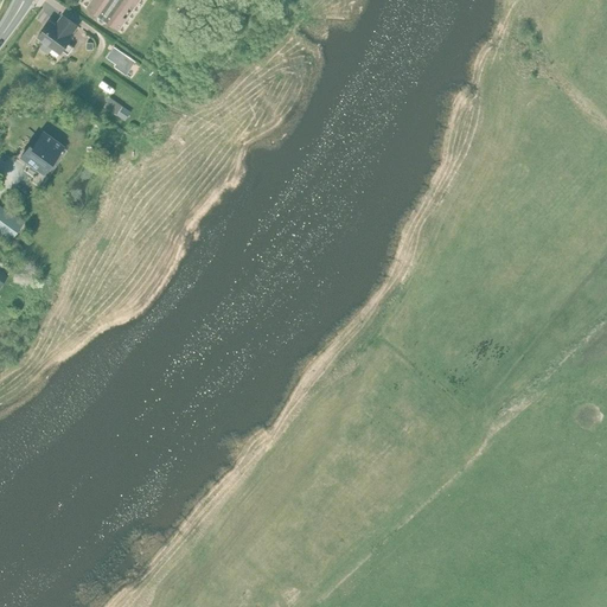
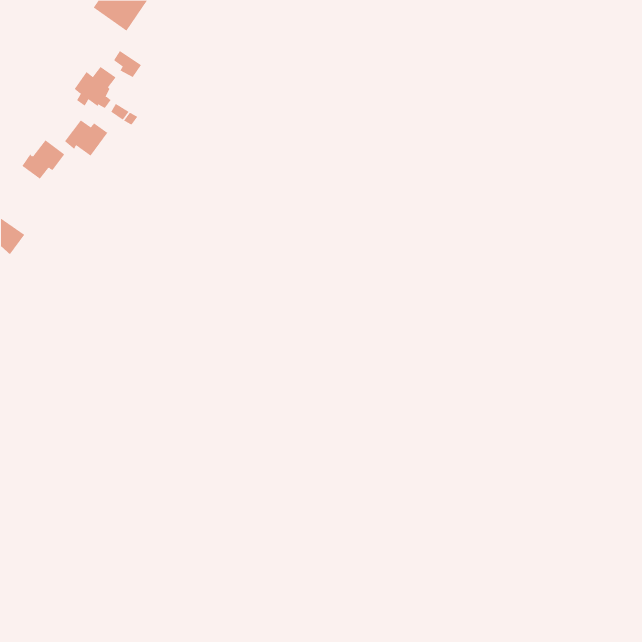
building: [37,15,77,56] -> [74,66,116,109]
building: none -> [64,120,108,156]

